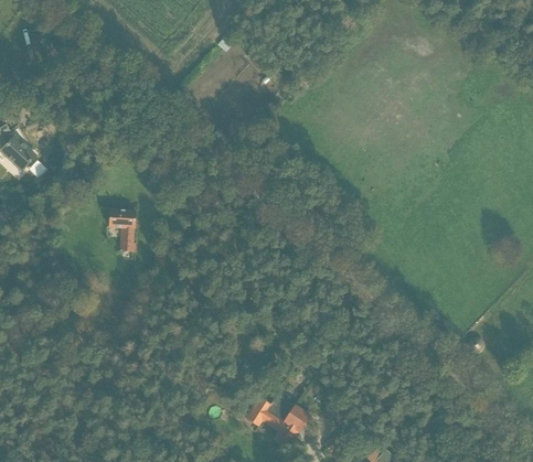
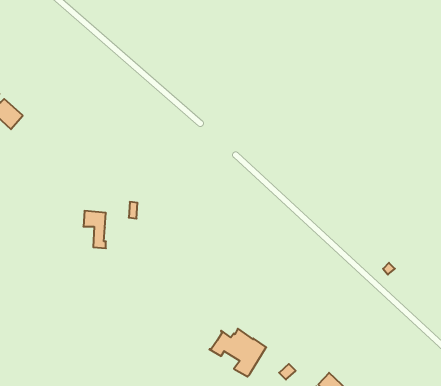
building: [109,211,135,253] -> [83,211,106,248]

